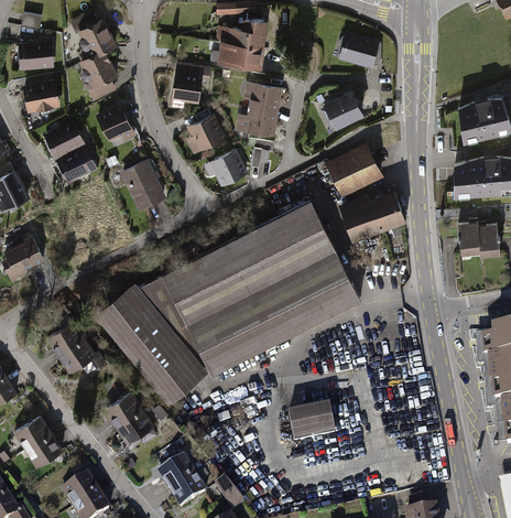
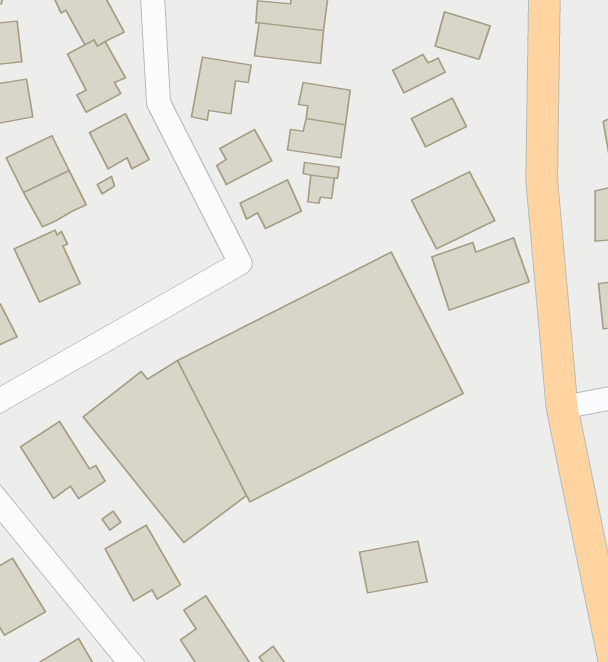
building: none -> [393,55,445,93]
building: [122,159,168,209] -> [14,230,80,302]

